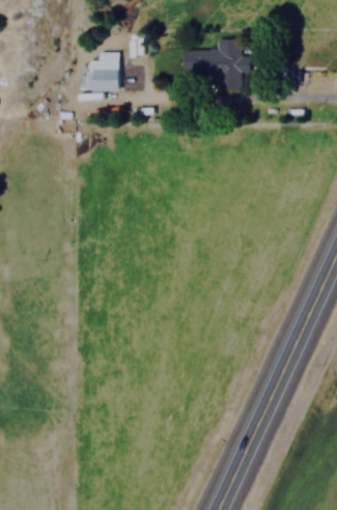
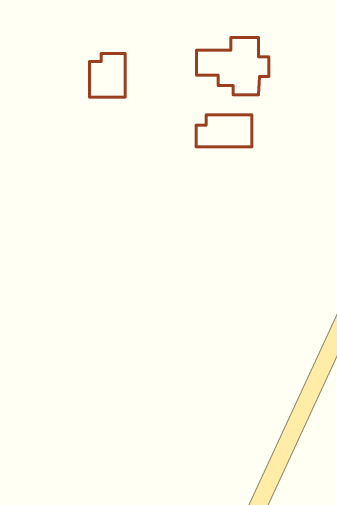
building: none -> [196,115,252,147]

